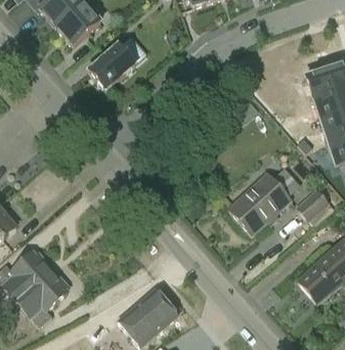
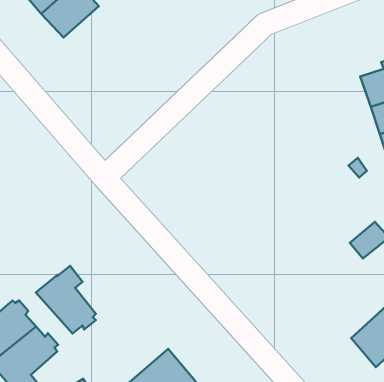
building: [88,44,135,90] -> none
building: [228,173,291,233] -> none
building: none -> [36,266,96,334]

